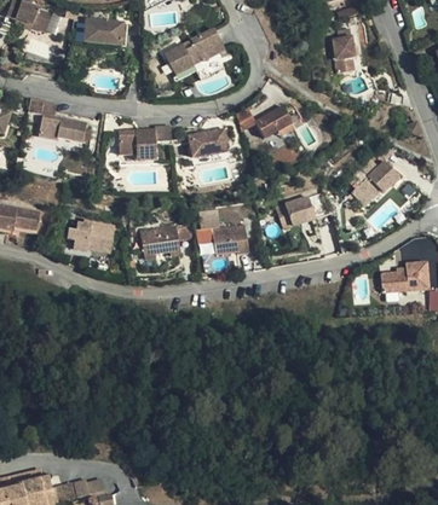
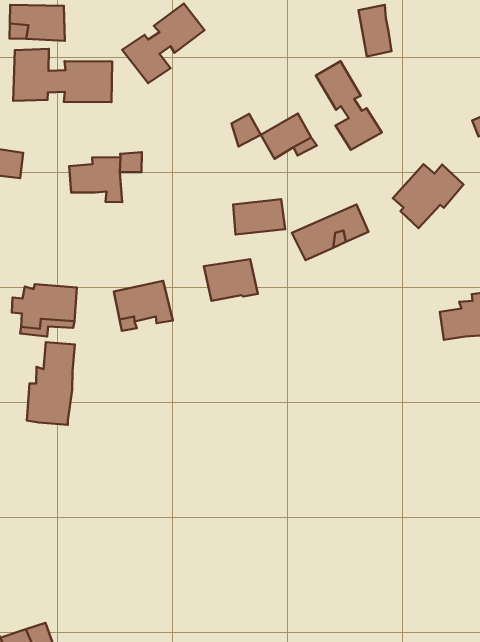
building: none -> [13,49,112,102]
building: none -> [316,61,382,150]
building: [191,135,227,158] -> [233,199,285,235]
building: none -> [27,342,75,425]

